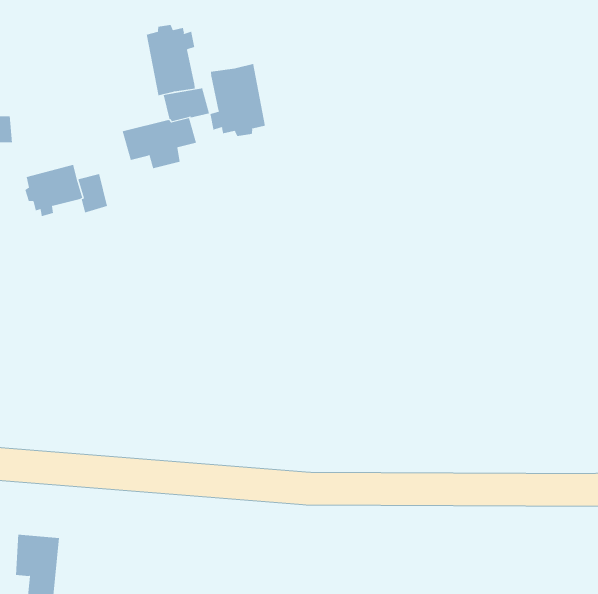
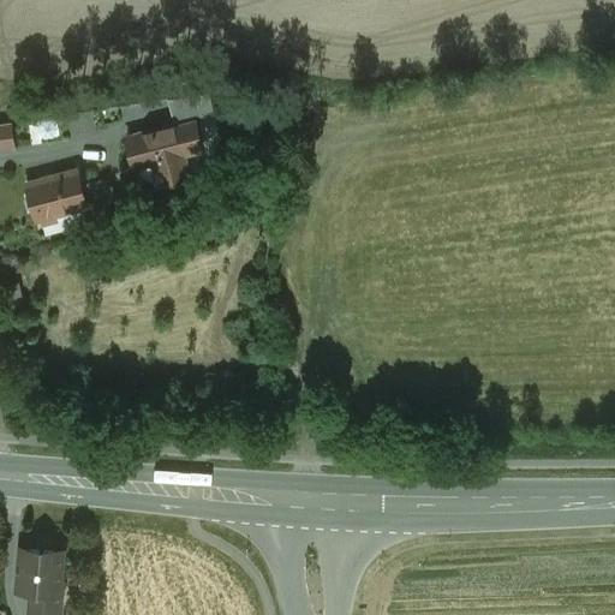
building: [146,24,195,96] -> none
building: [210,63,266,137] -> none

